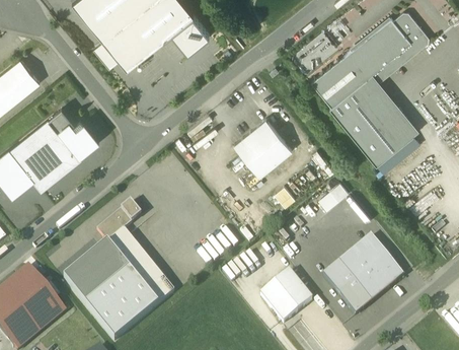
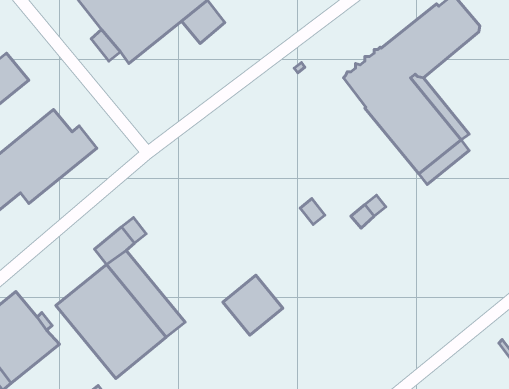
building: [234,118,292,176] -> none
building: [323,236,404,316] -> none
building: [261,271,313,323] -> [223,275,283,335]

